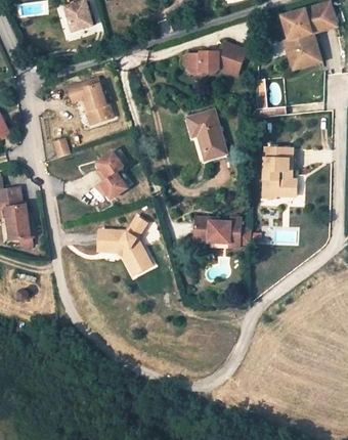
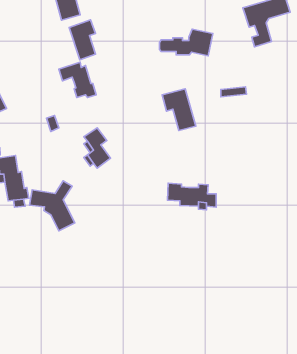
building: [282,21,336,64] -> none
building: none -> [69,20,96,60]
building: [263,148,296,196] -> none
building: [97,217,149,274] -> [30,181,75,231]

